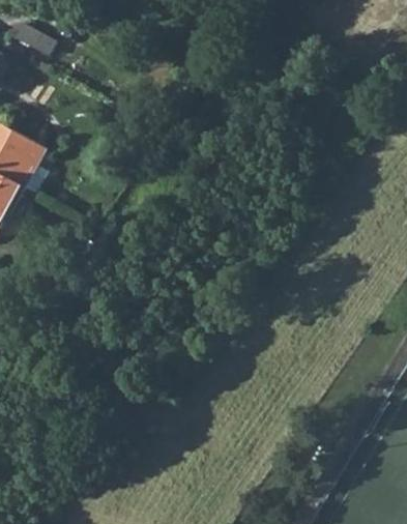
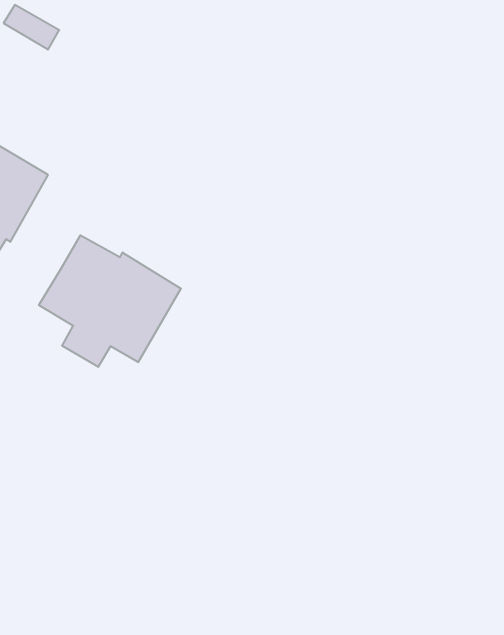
building: none -> [39,235,181,367]

